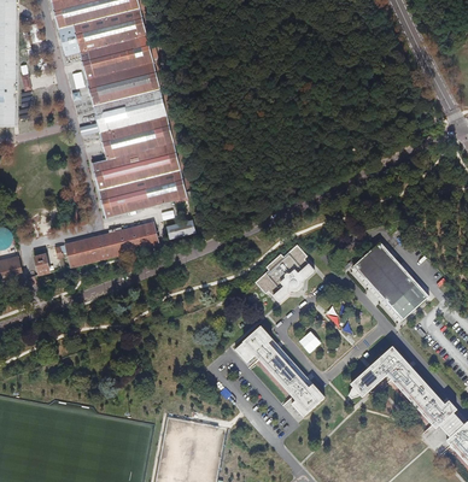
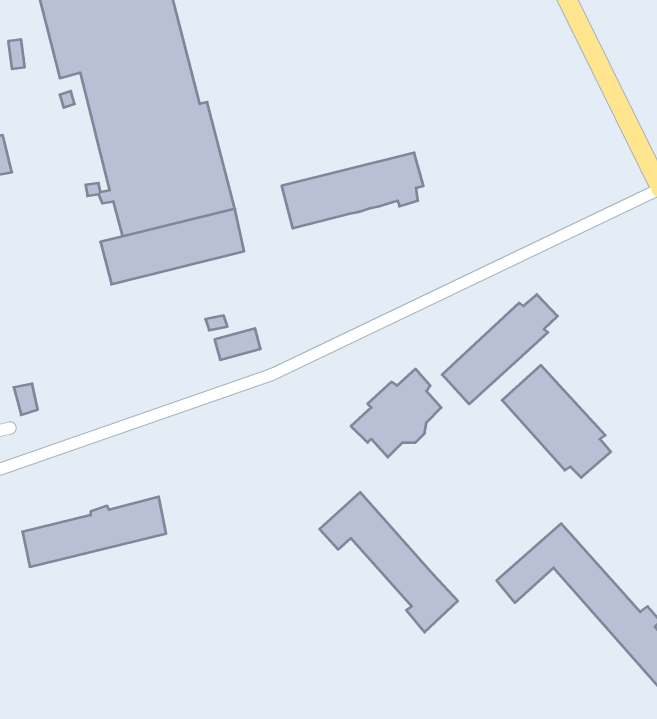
building: [98,167,191,217] -> [282,153,423,228]
building: none -> [442,294,558,404]
building: [64,221,158,266] -> [22,497,166,567]

